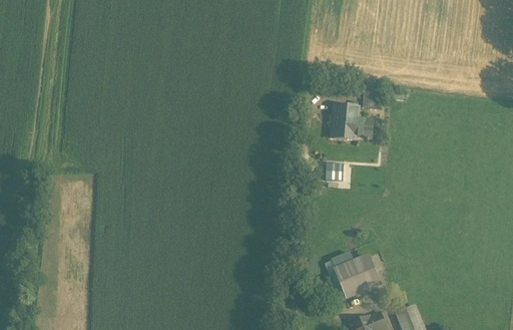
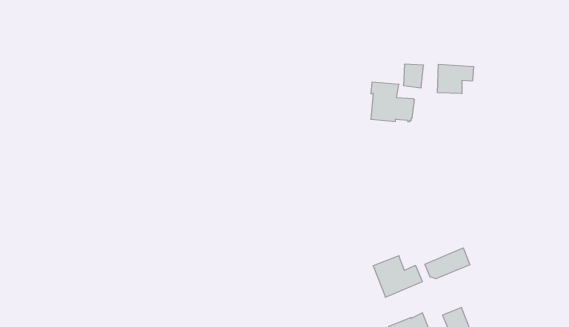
building: none -> [438,64,473,94]
building: none -> [425,248,470,279]

